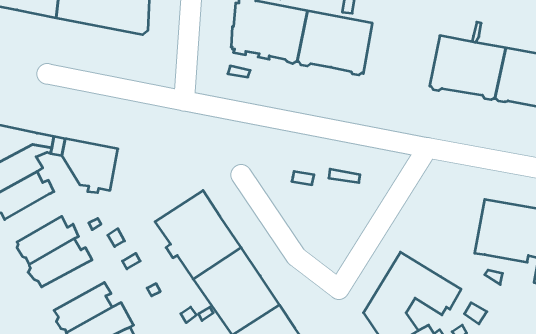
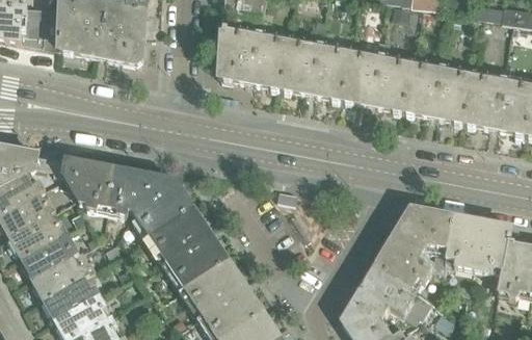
building: none -> [341,37,411,110]
building: none -> [106,167,192,235]
building: none -> [375,206,453,286]
building: none -> [8,209,65,254]
building: none -> [43,272,101,317]

